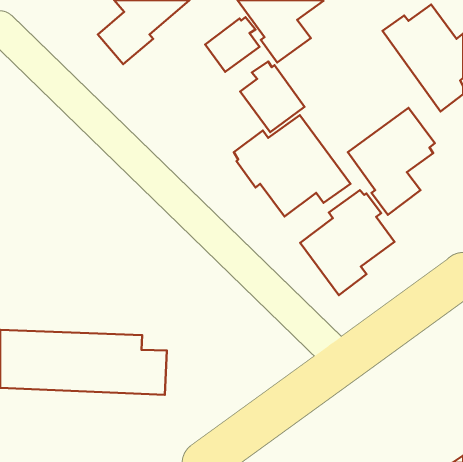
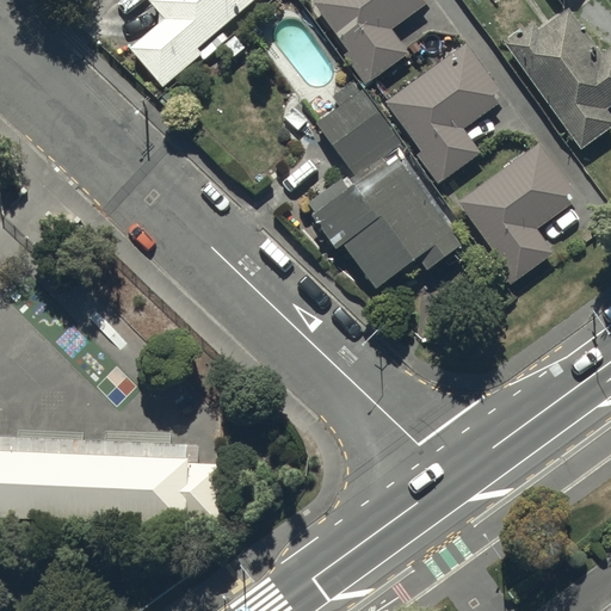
building: [205,17,259,72] -> none
building: none -> [384,43,500,184]
building: [300,190,394,295] -> none

